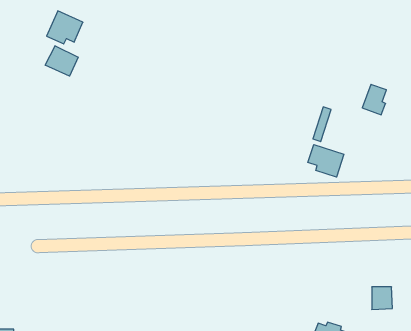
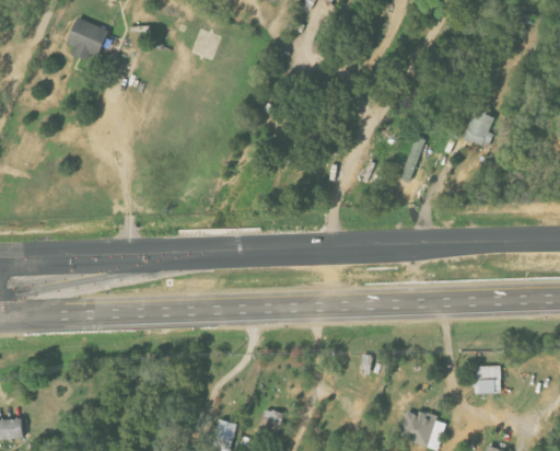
building: [45,46,78,76] -> none
building: [308,145,344,177] -> none

